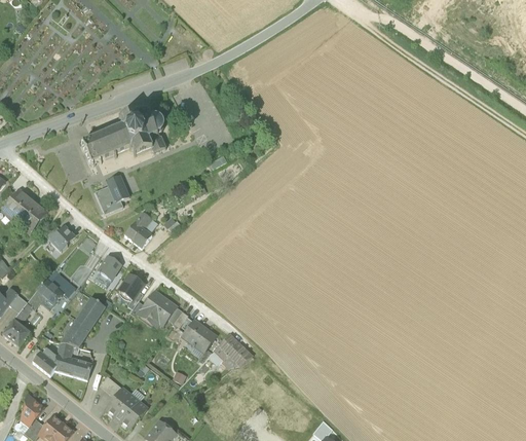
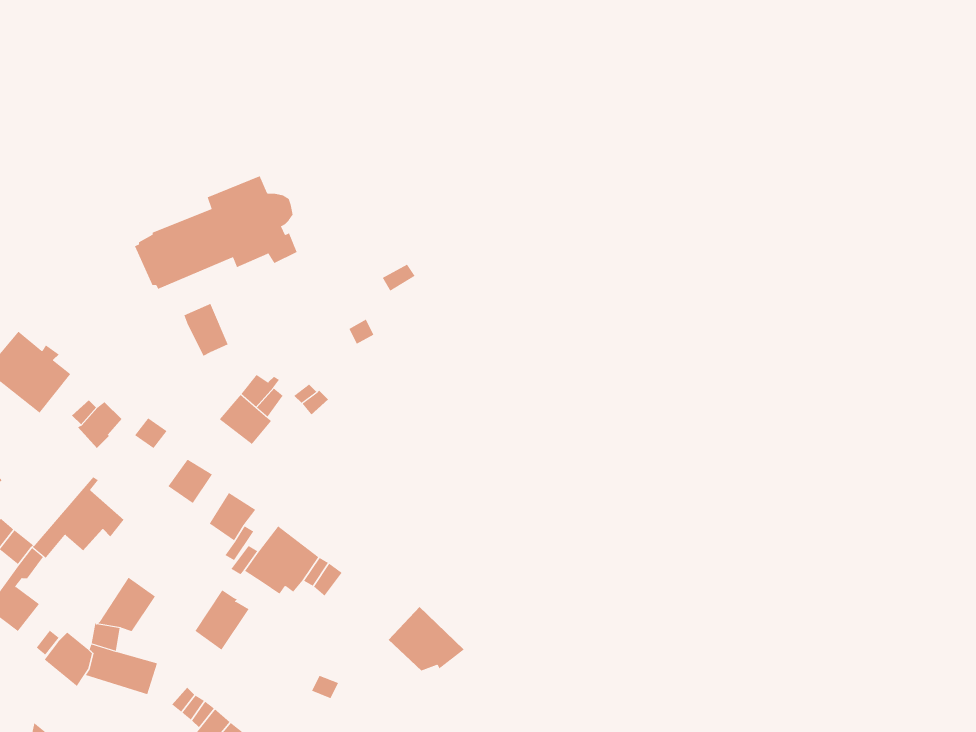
building: [93,186,122,215] -> none
building: [76,296,105,328] -> [194,590,250,651]
building: [185,320,214,352] -> none

